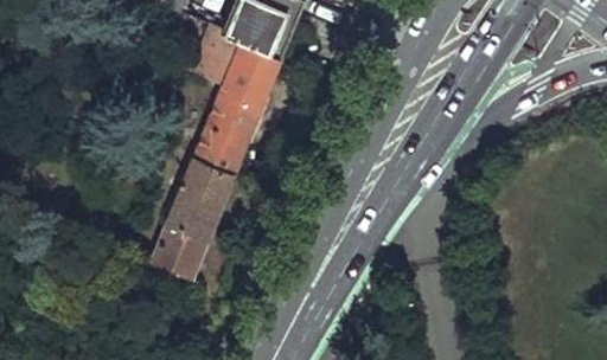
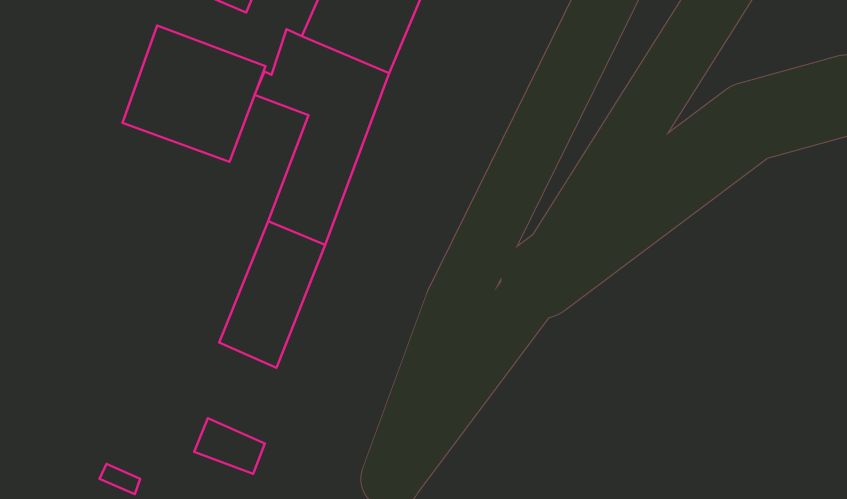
building: none -> [123,26,265,162]
building: [149,245,199,284] -> [194,418,265,474]

